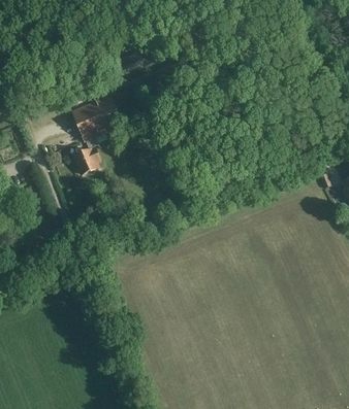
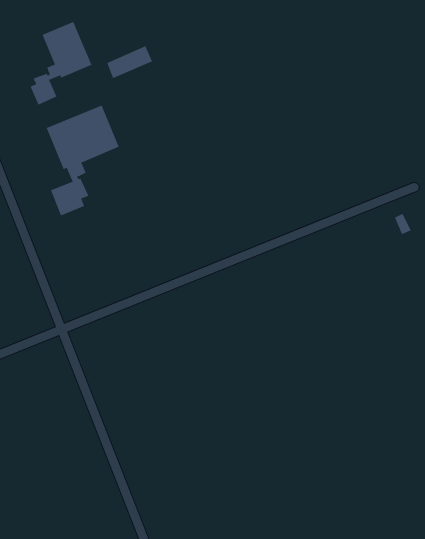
building: none -> [30,21,92,105]

